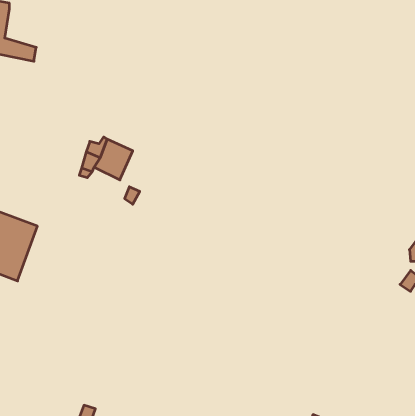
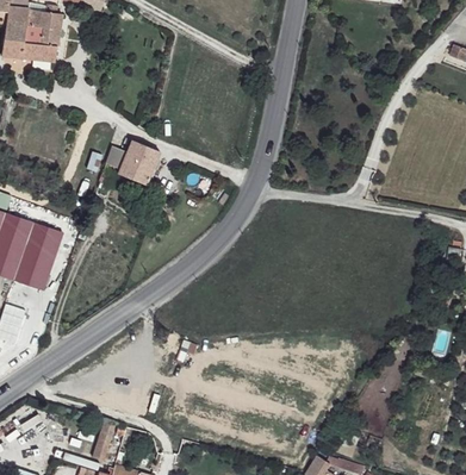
building: none -> [24,11,61,50]

